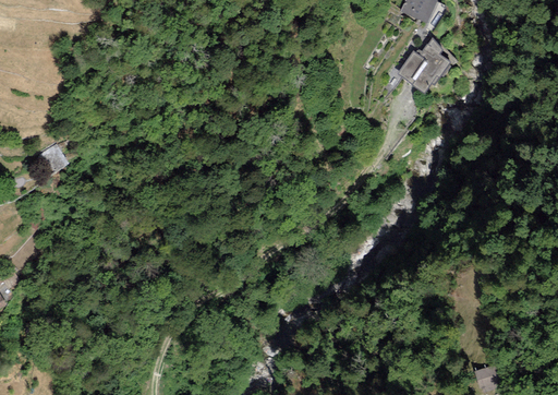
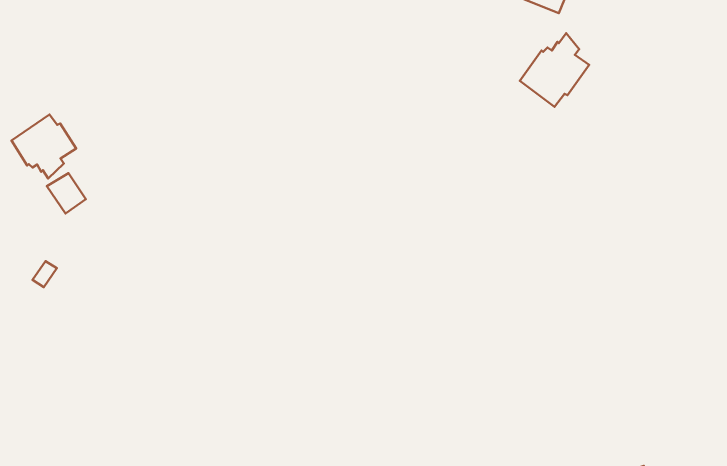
building: none -> [11,114,76,179]

